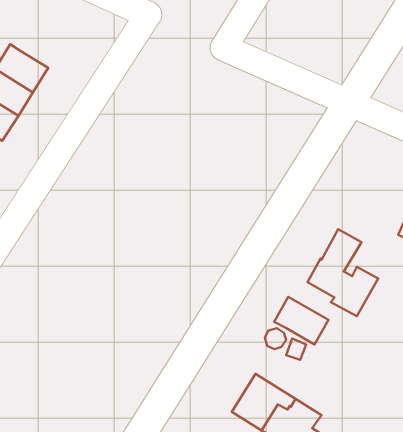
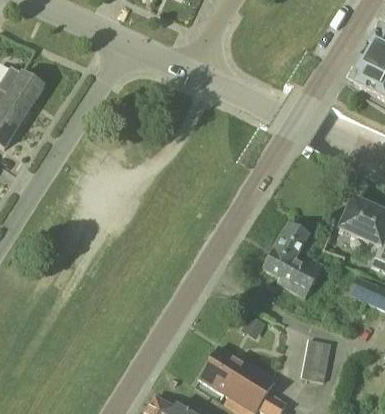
building: [274,297,329,344] -> none
building: none -> [301,338,329,378]

